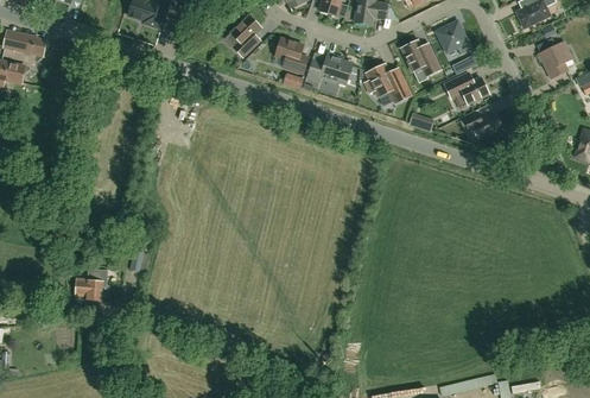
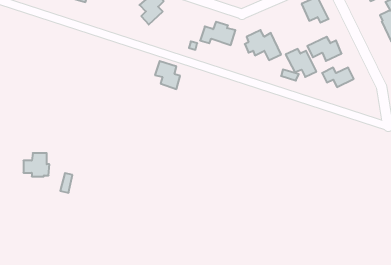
building: [274,38,306,74] -> [155,61,180,89]
building: [400,40,439,76] -> [286,49,316,77]
building: [75,271,108,301] -> [23,153,49,176]

